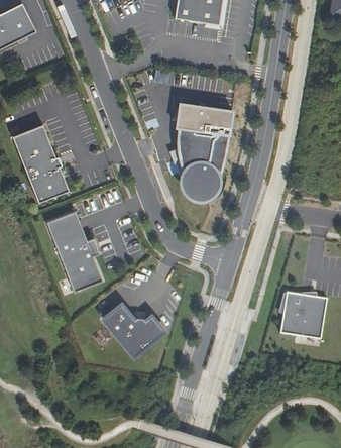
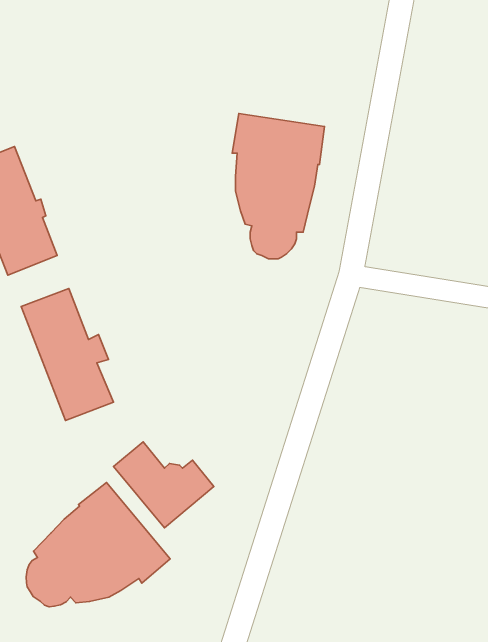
building: [280,293,327,339] -> none
building: none -> [26,483,170,607]

